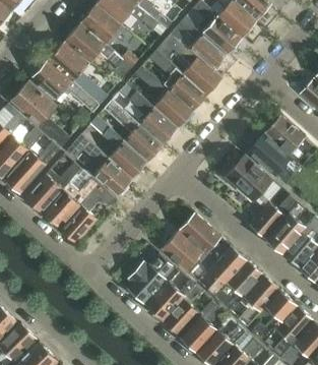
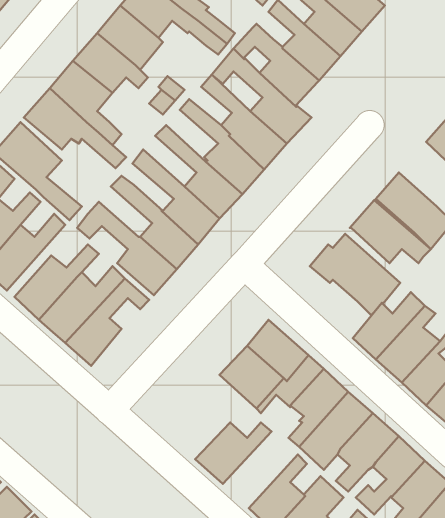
building: [126,253,177,304] -> none
building: [164,287,203,336] -> none

